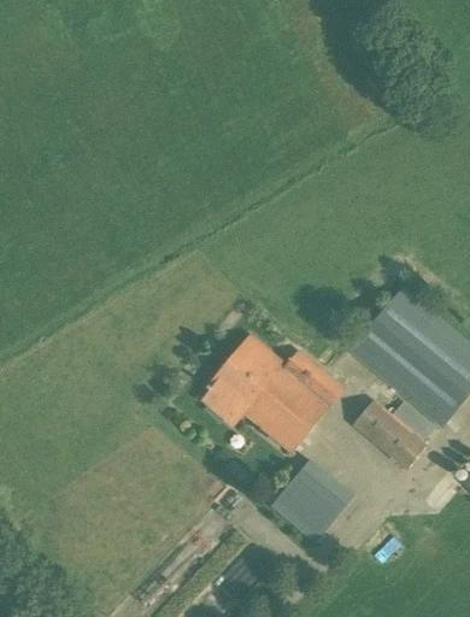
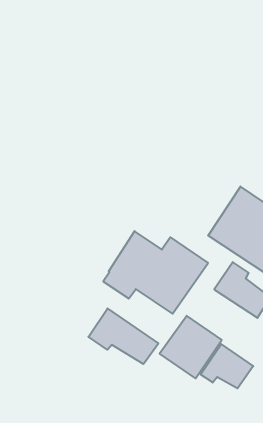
building: none -> [88,308,158,364]
building: none -> [201,344,253,388]

